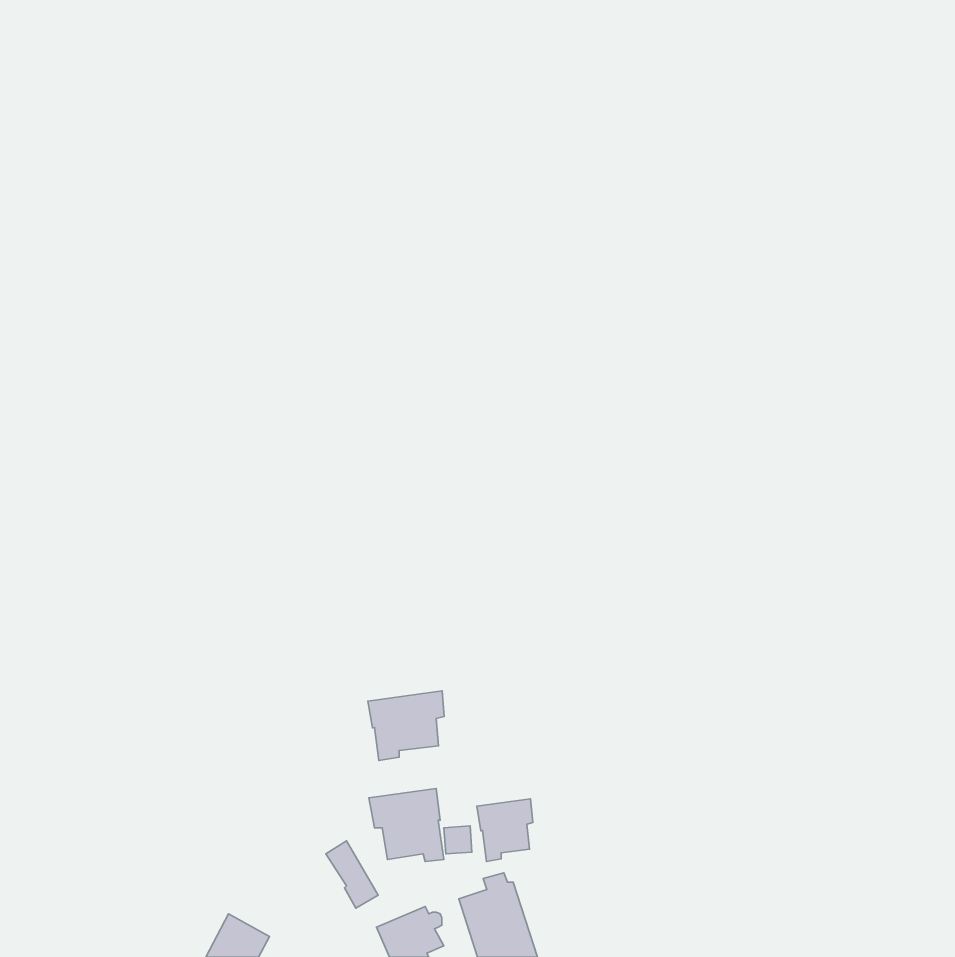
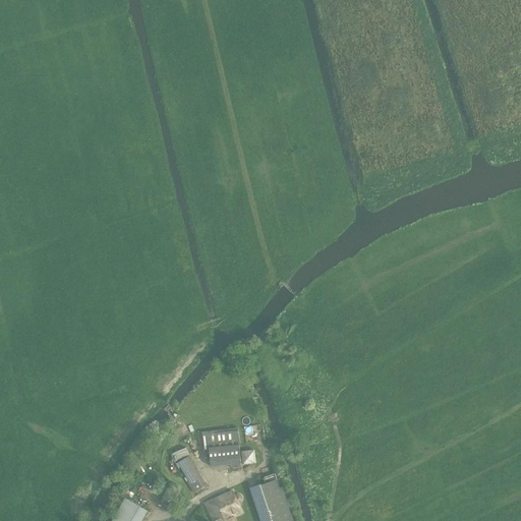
building: [368,691,444,761] -> none
building: [477,799,533,861] -> none

